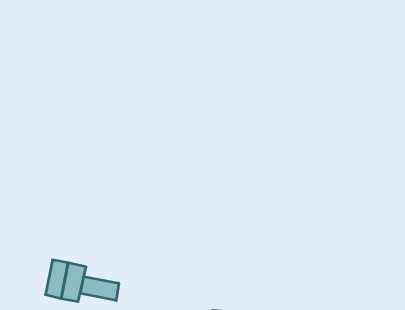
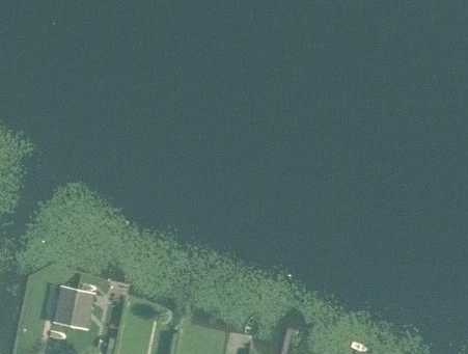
building: [80,277,119,301] -> none

